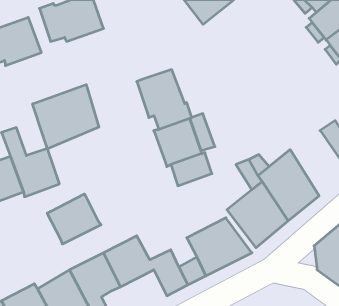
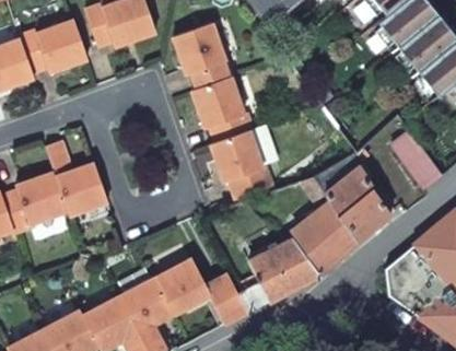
building: none -> [173,23,233,87]
building: [33,85,99,149] -> none
building: [47,194,101,244] -> none

